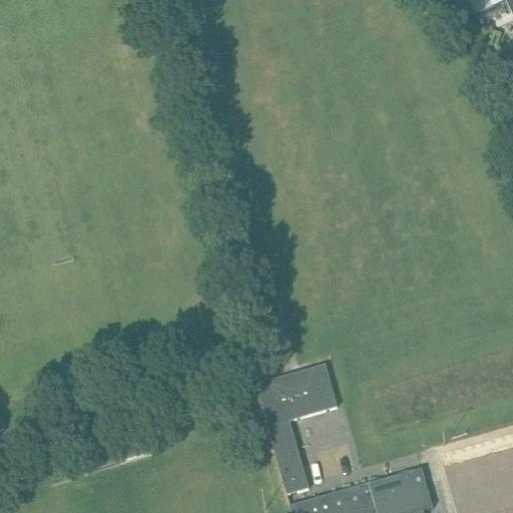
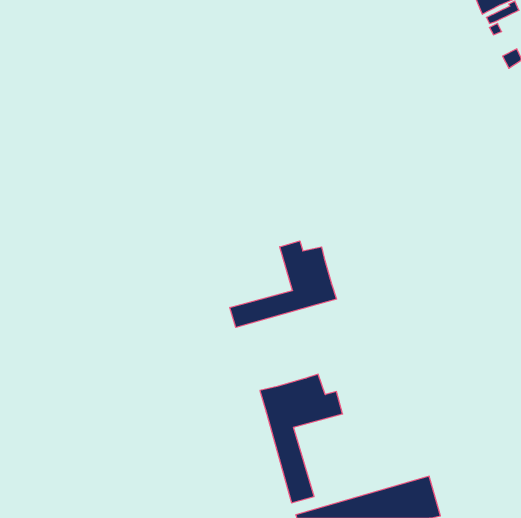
building: none -> [230,241,336,327]

